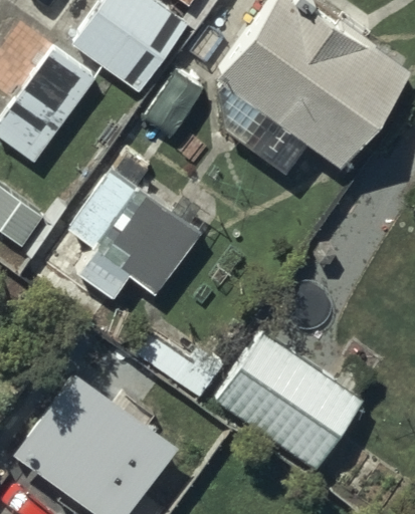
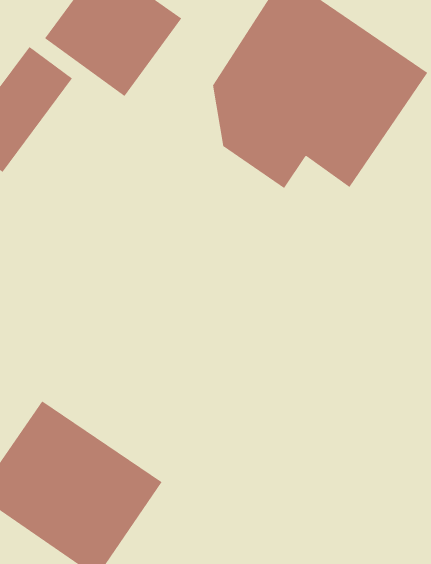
building: [69,172,199,306] -> none
building: [213,333,364,473] -> none

